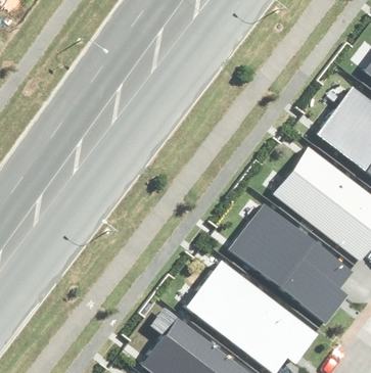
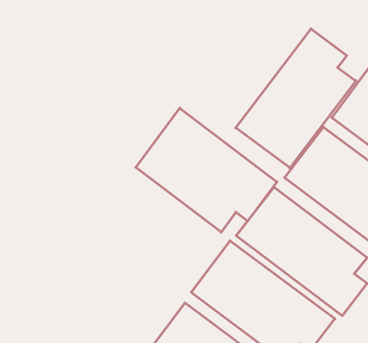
building: none -> [236,29,356,168]
building: none -> [136,108,277,232]

